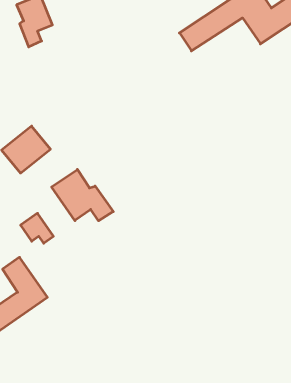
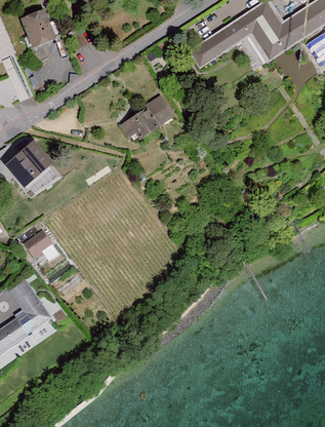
building: none -> [120,95,174,135]
building: [52,169,113,221] -> none

